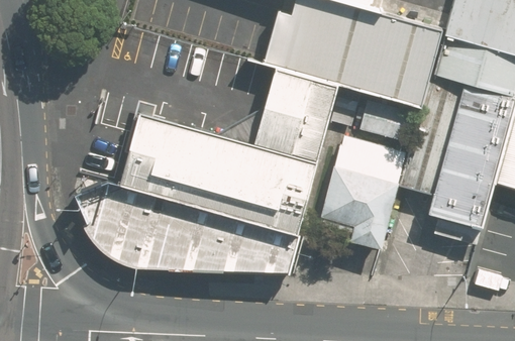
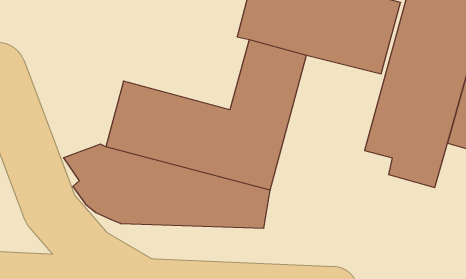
building: [321,140,403,248] -> none

